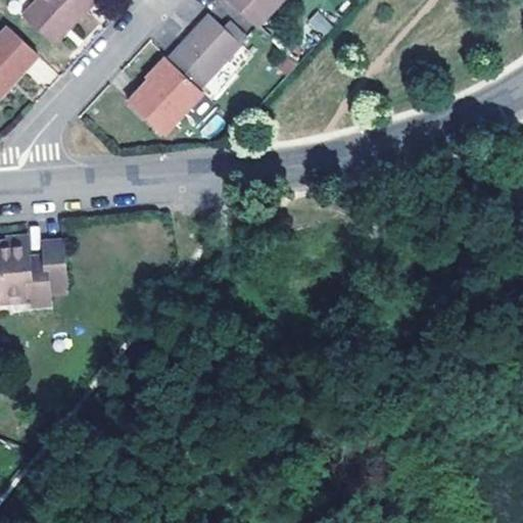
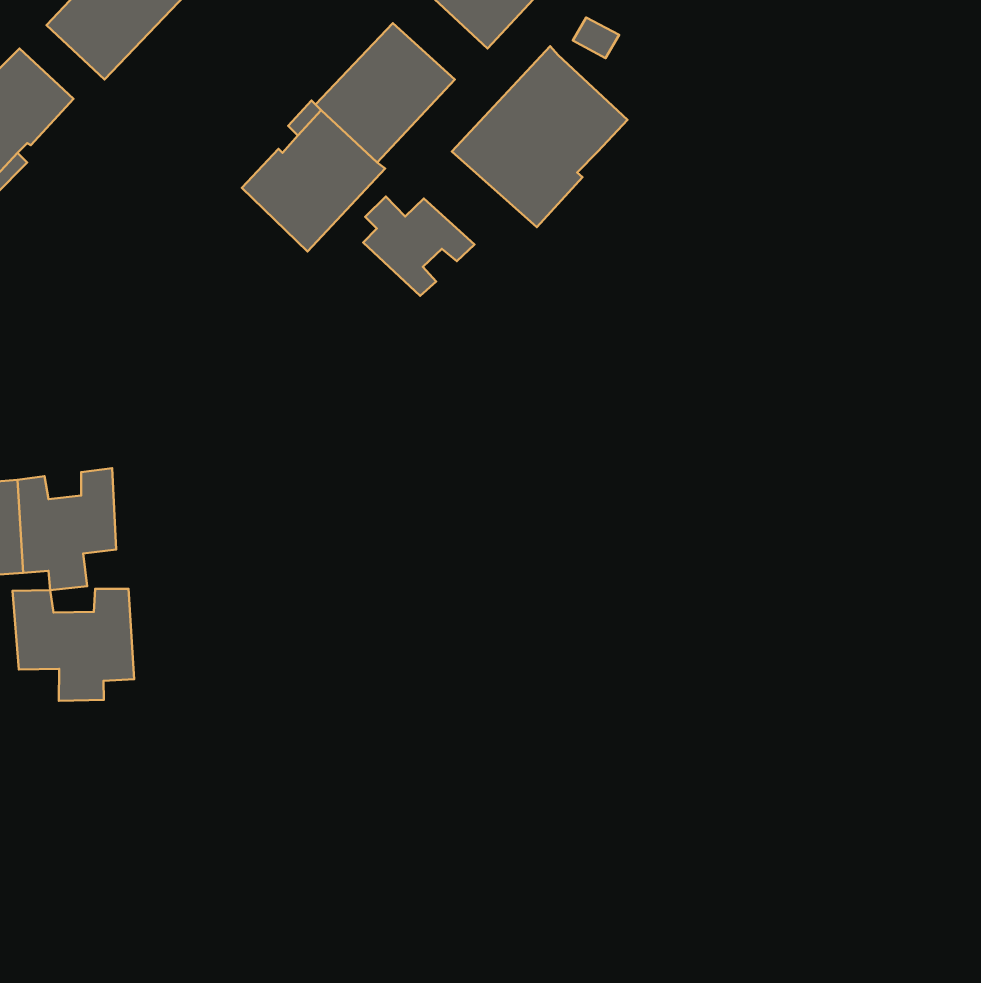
building: none -> [452,46,628,227]
building: none -> [363,197,475,296]
building: none -> [12,589,134,701]

